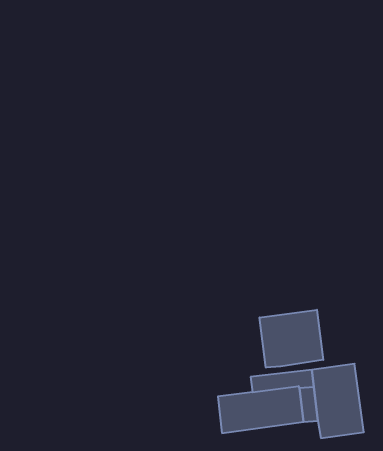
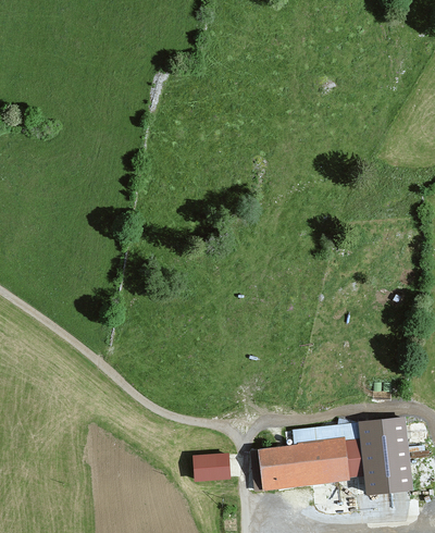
building: [260,310,323,368] -> none
building: none -> [197,455,229,480]

